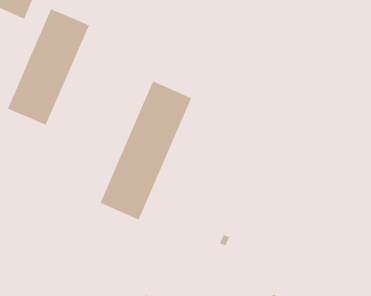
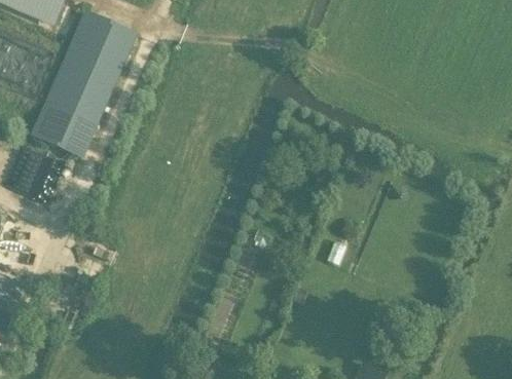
building: [100,80,192,220] -> none

